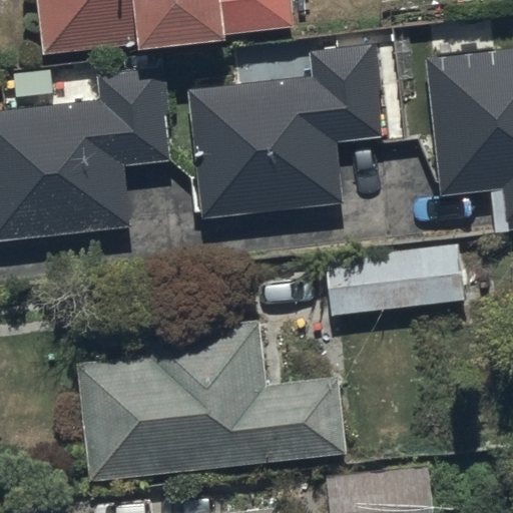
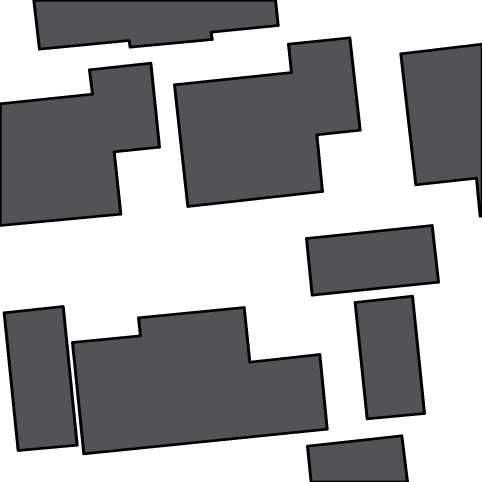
building: none -> [355,296,425,419]
building: none -> [4,306,77,450]

